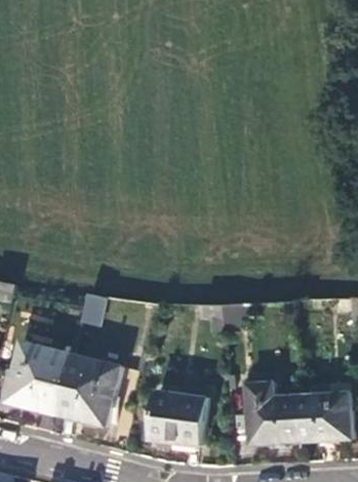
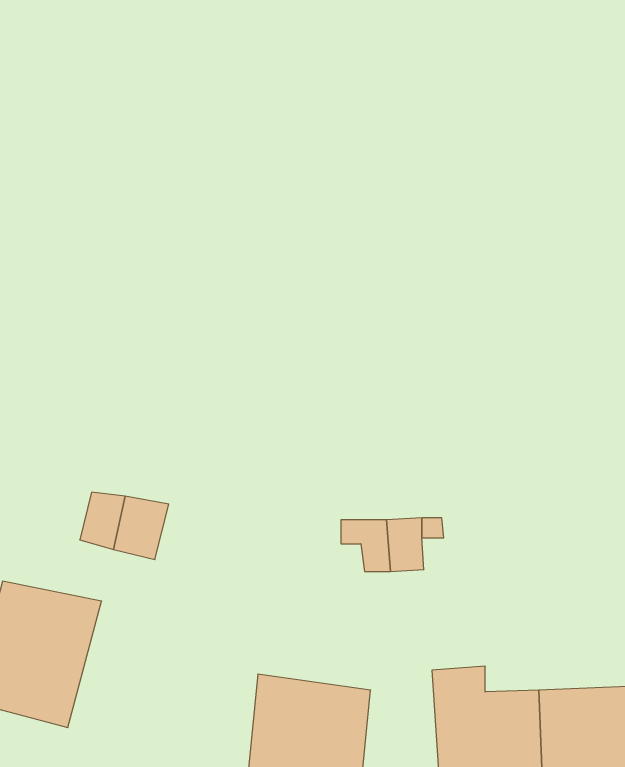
building: [54,350,126,429] -> none

